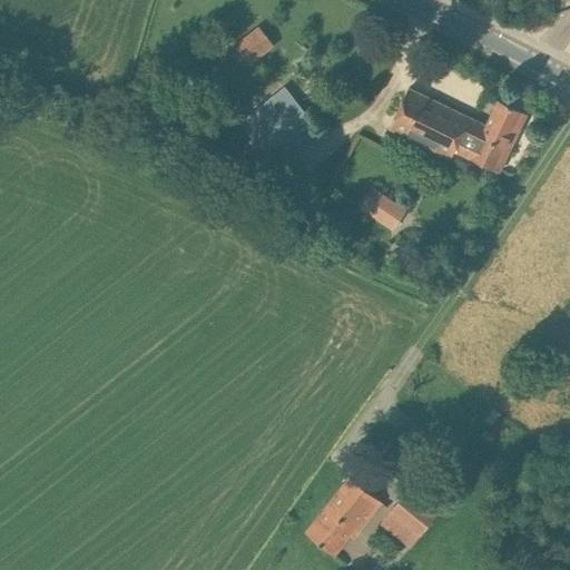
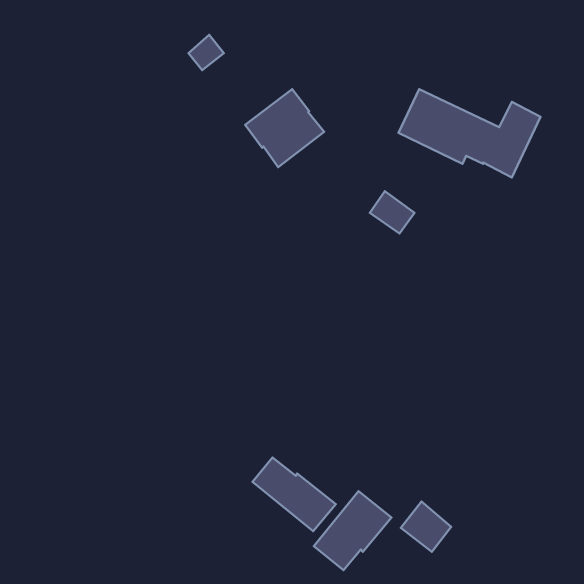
building: [236,30,271,65] -> [188,35,224,70]
building: none -> [253,457,336,531]

